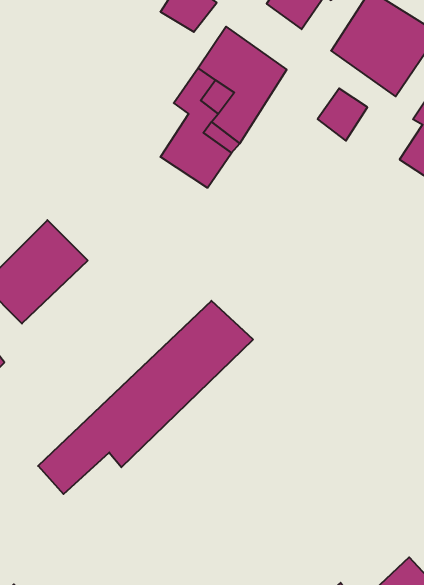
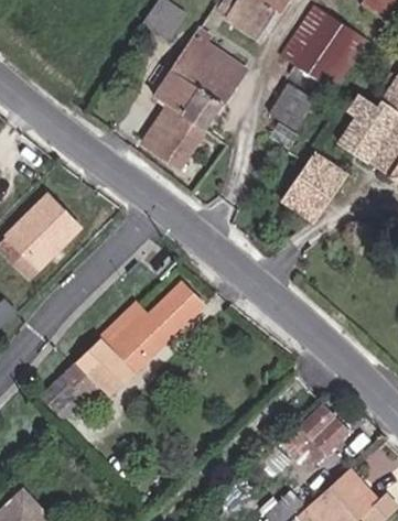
building: none -> [281,149,349,224]
building: none -> [282,405,347,469]

